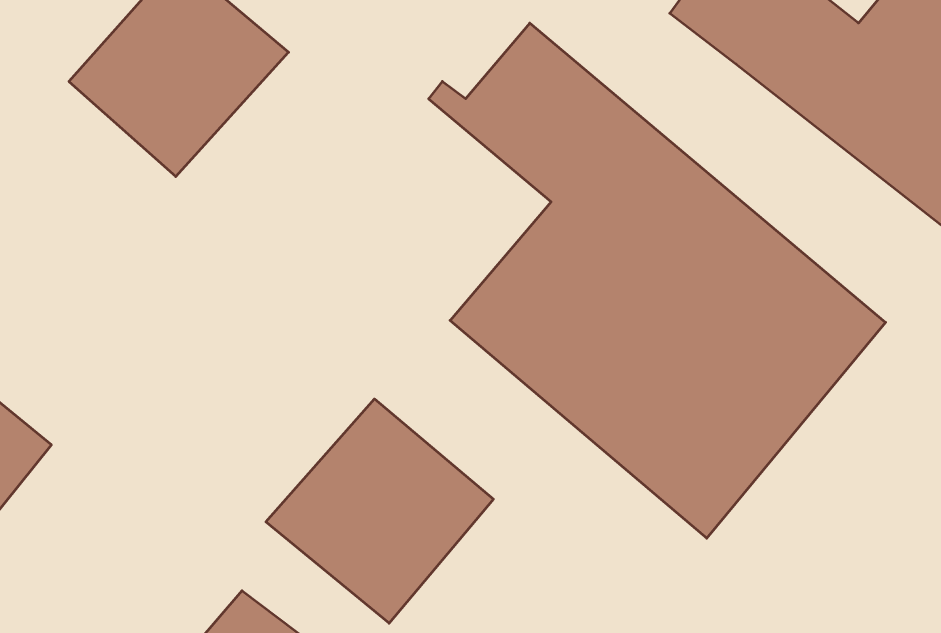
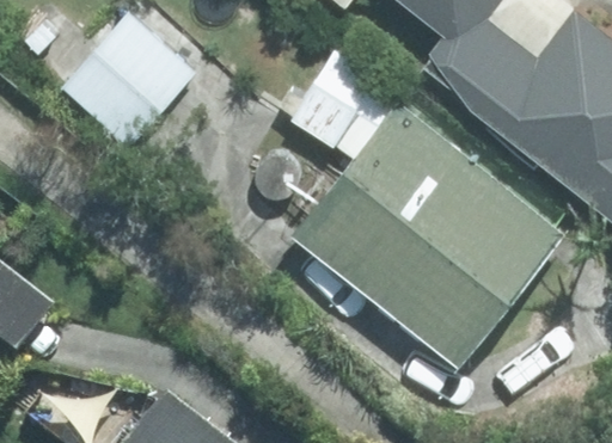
building: [266,399,493,623] -> none

